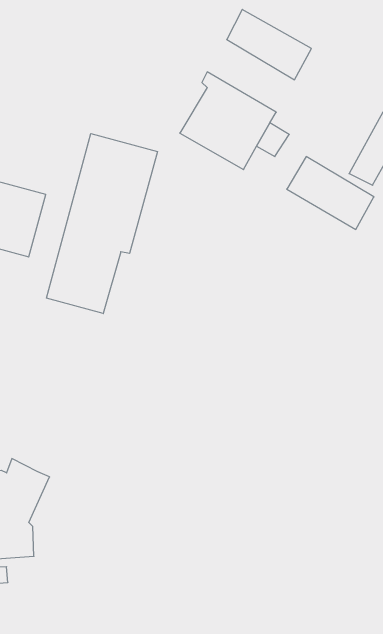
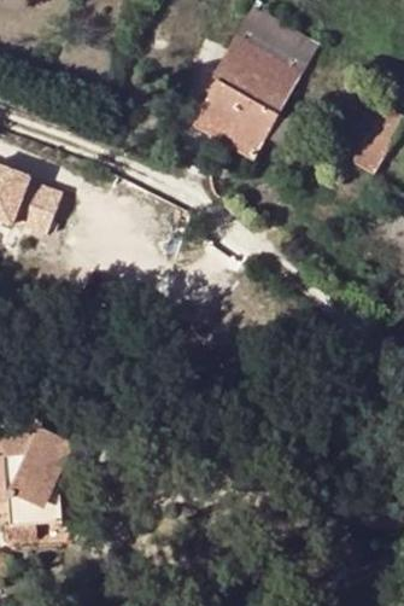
building: [47,134,157,314] -> none
building: [287,157,374,229] -> [217,39,298,106]

